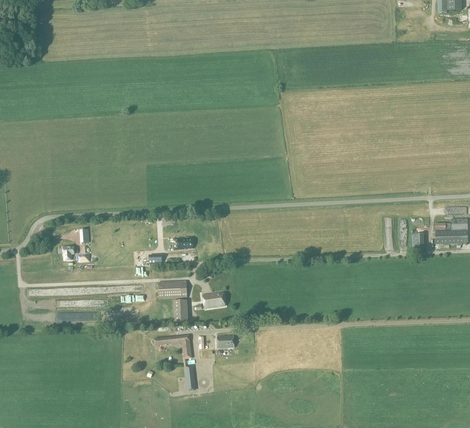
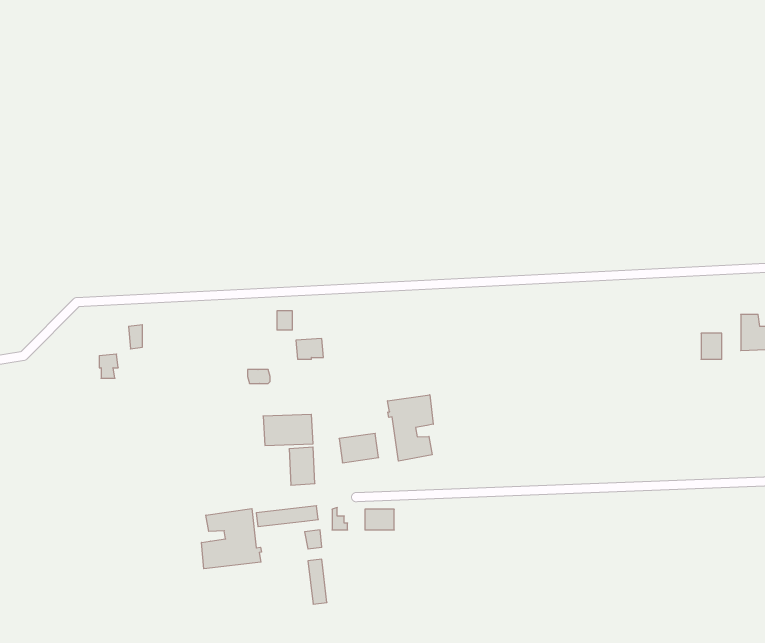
building: none -> [388,395,433,461]
building: none -> [202,509,261,569]

